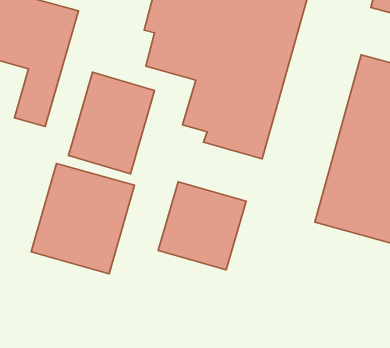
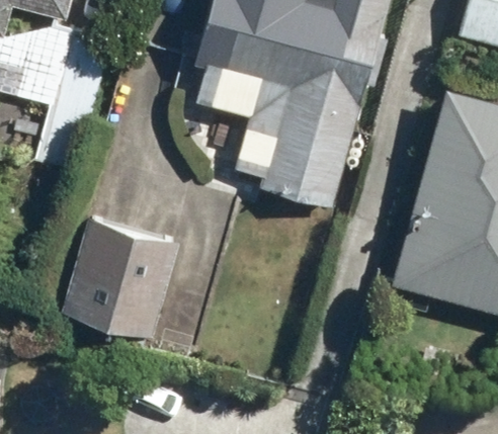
building: [68,72,155,174] -> none
building: [158,182,246,270] -> none

